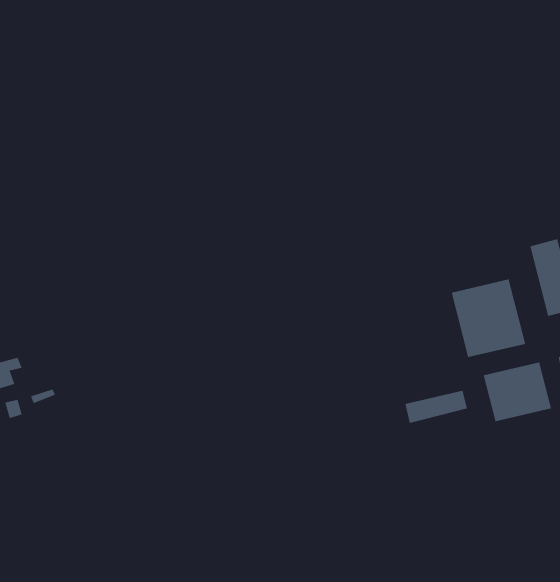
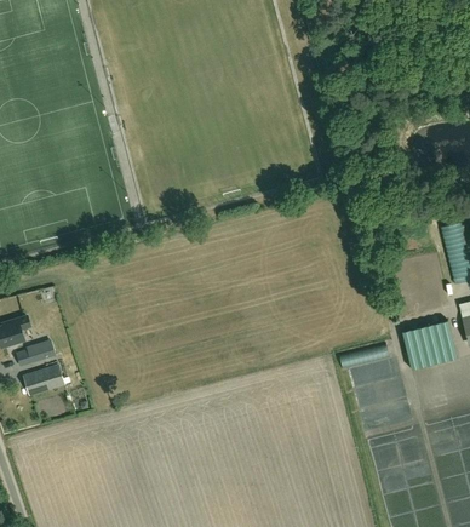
building: [451,279,526,358] -> none
building: none -> [24,366,64,396]

